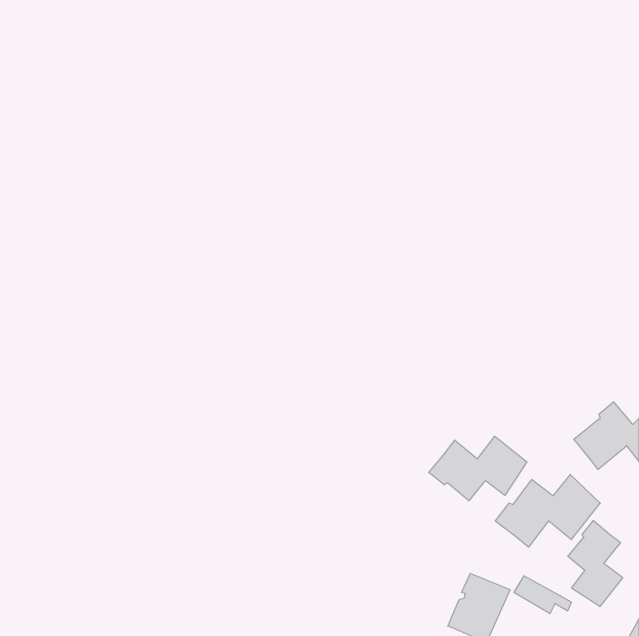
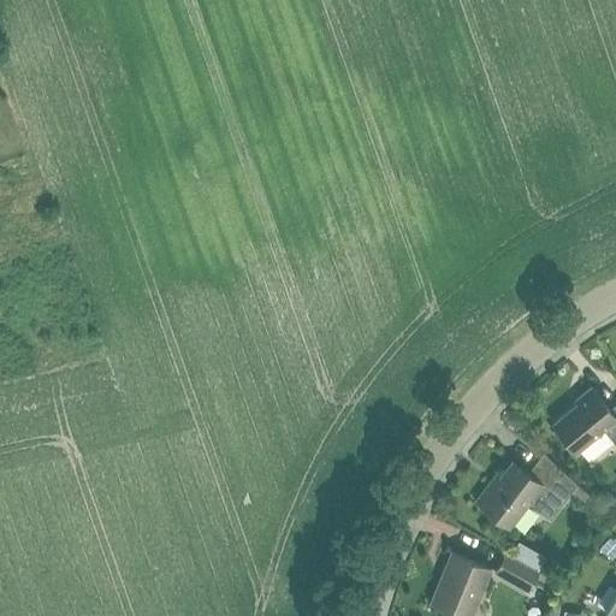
building: [429,436,527,501] -> none
building: [568,521,623,607] -> none

